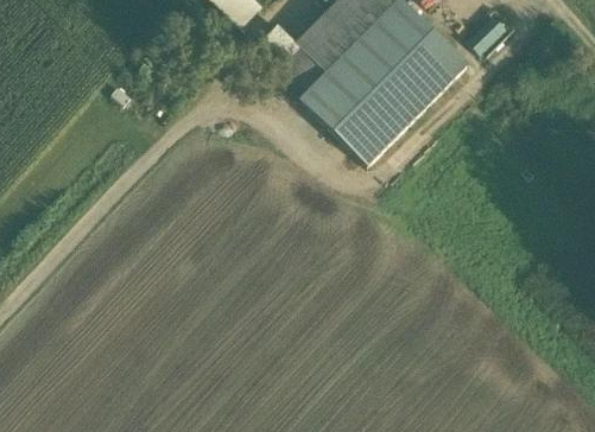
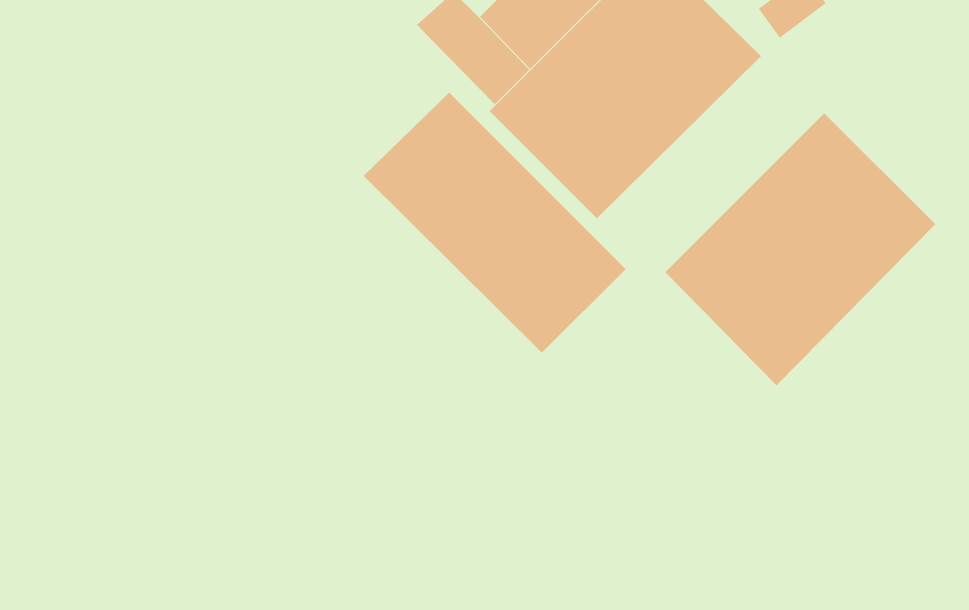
building: none -> [363,92,626,354]
building: none -> [664,112,936,386]

